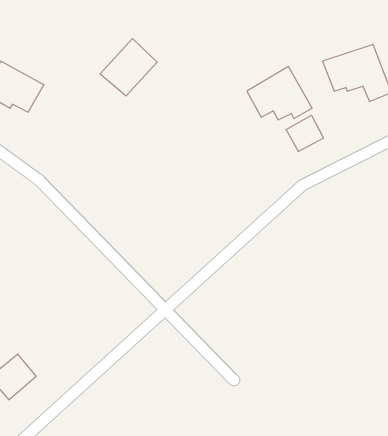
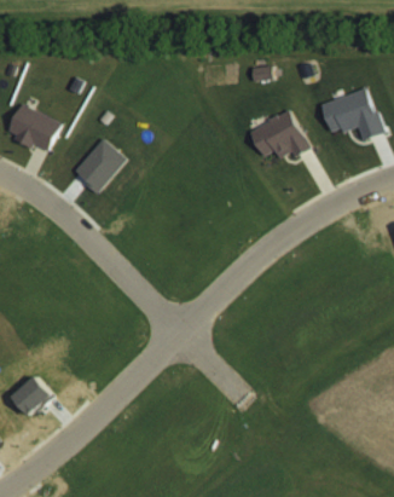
building: [100,39,157,96] -> [71,139,124,192]
building: [286,115,323,152] -> none

